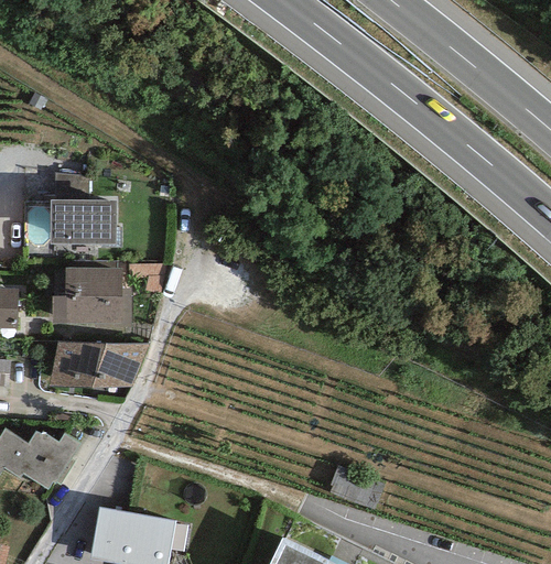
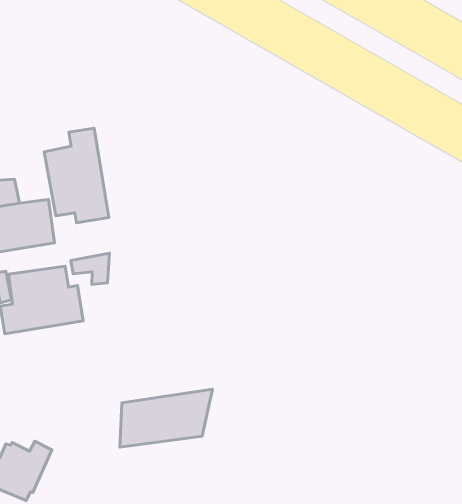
building: none -> [44,128,109,223]
building: [48,343,148,388] -> [120,389,212,447]

